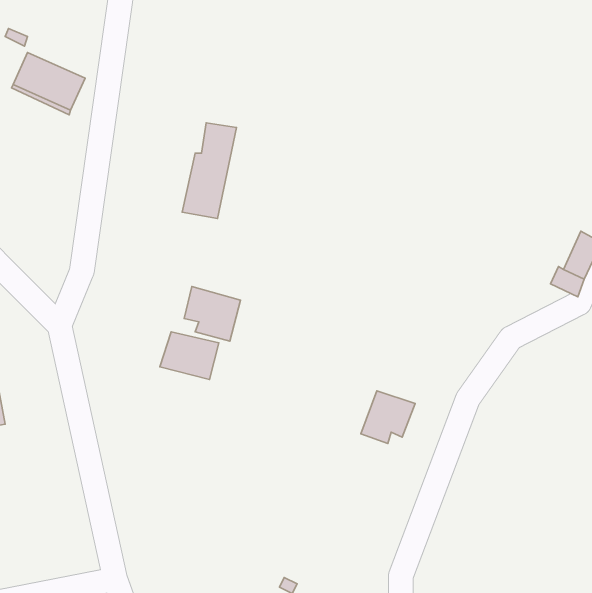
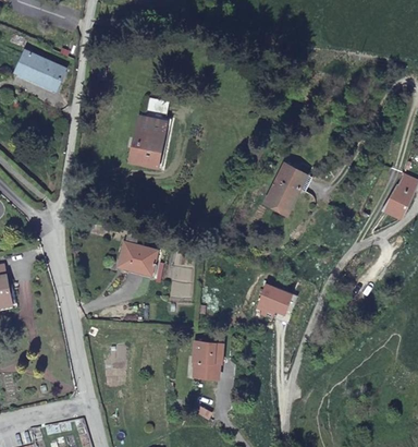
building: none -> [263,161,308,214]
building: [184,286,240,341] -> none
building: none -> [190,339,225,379]

